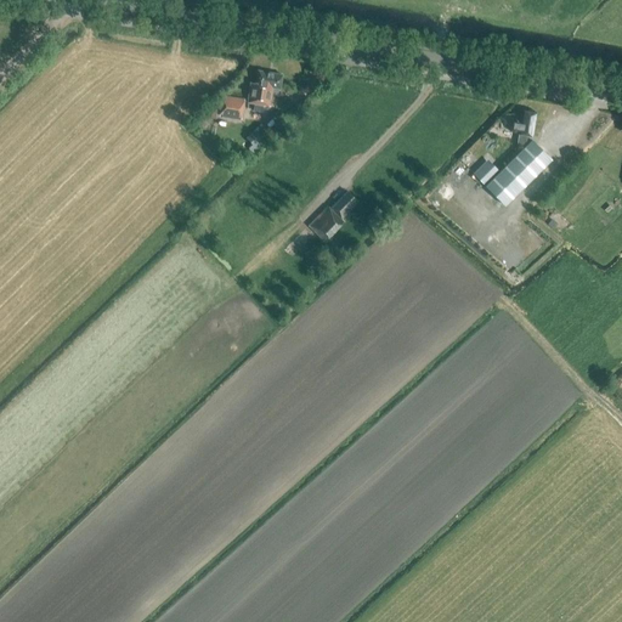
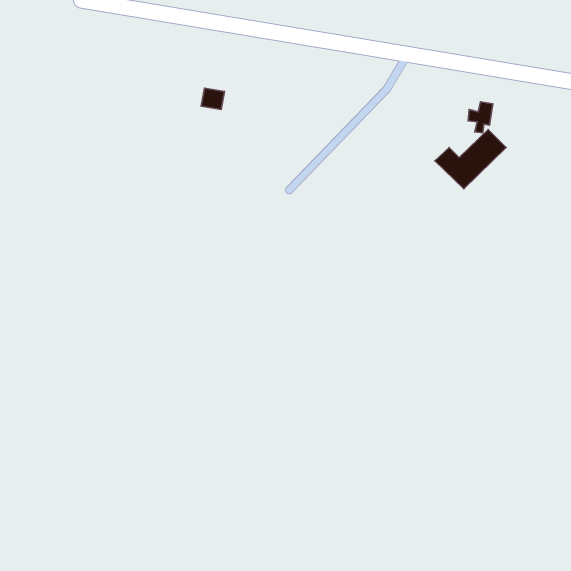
building: [247,70,282,113] -> none
building: [309,192,357,242] -> none

